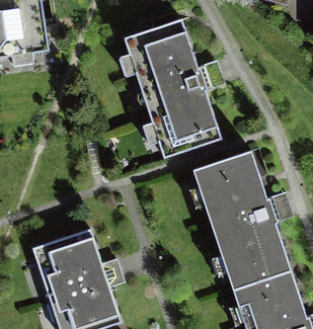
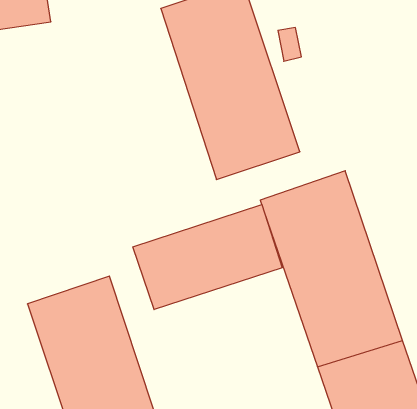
building: none -> [133,204,282,310]

